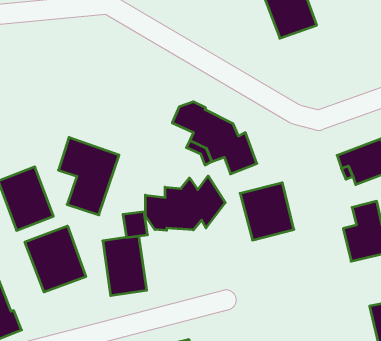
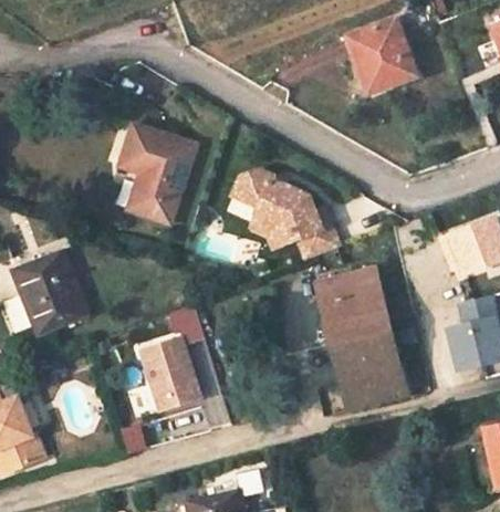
building: [58,137,119,215] -> [118,123,195,220]
building: [145,176,225,230] -> none
building: [25,226,86,292] -> none
building: none -> [334,331,402,403]

